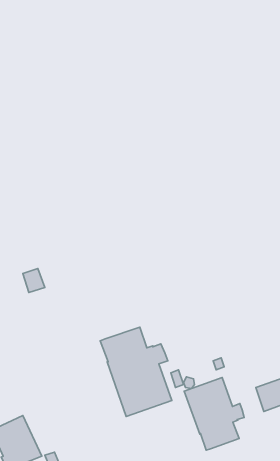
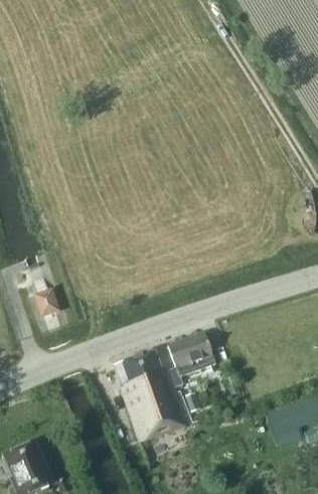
building: none -> [167,334,215,377]
building: [184,377,244,450] -> none

